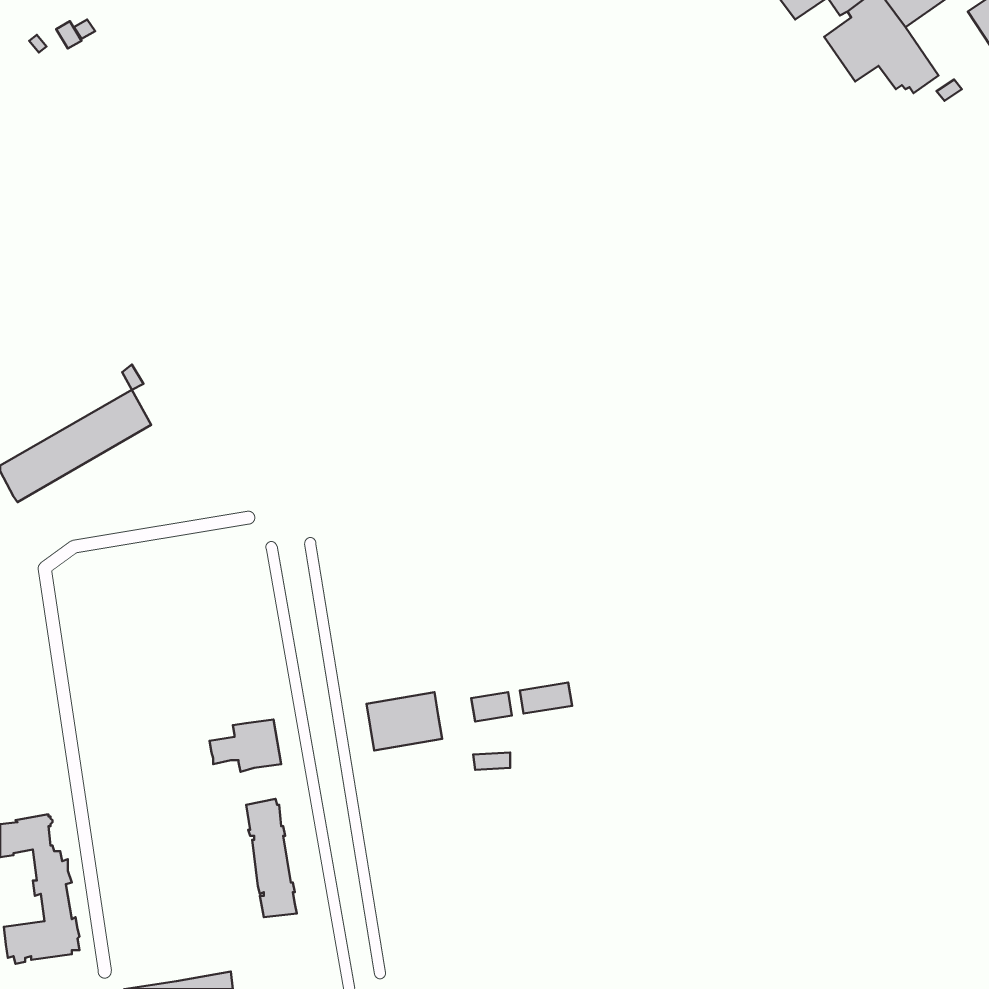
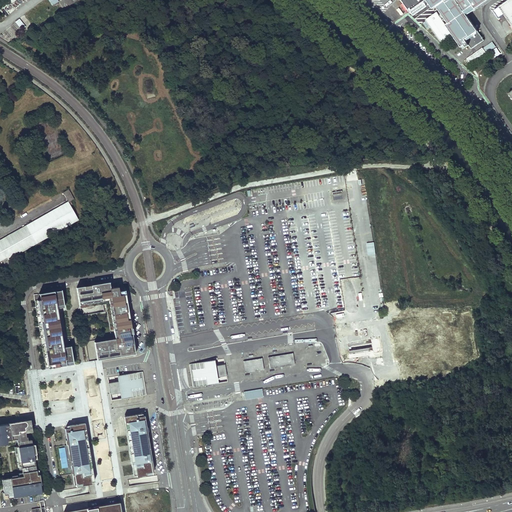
building: none -> [77,281,136,357]
building: none -> [35,289,74,368]
building: none -> [66,423,92,483]

